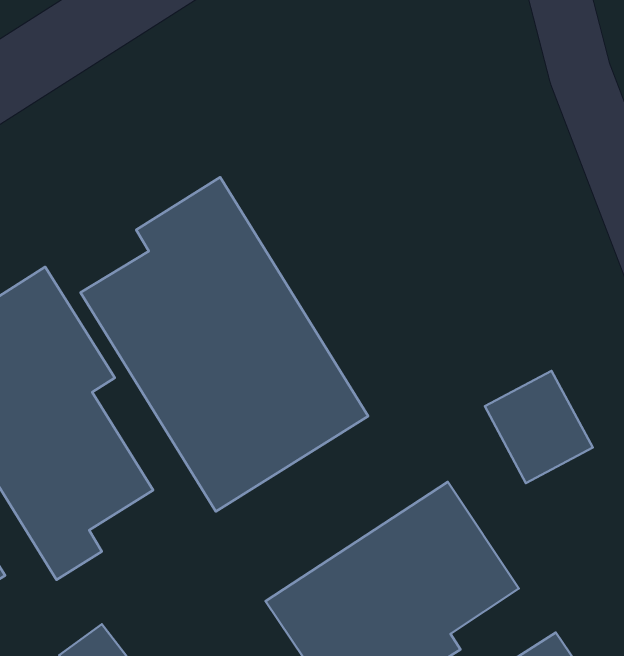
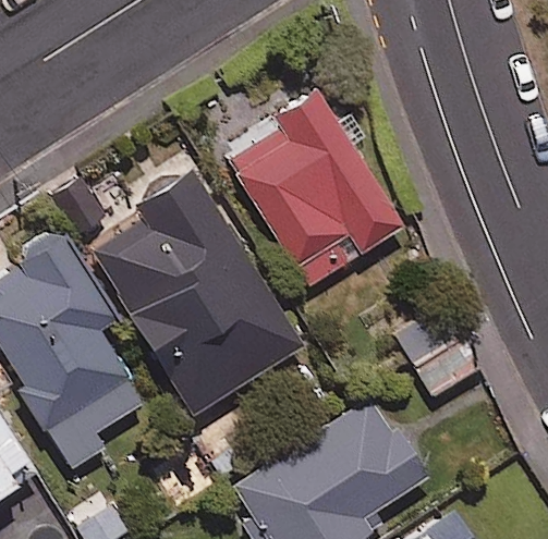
building: none -> [228,81,403,285]

